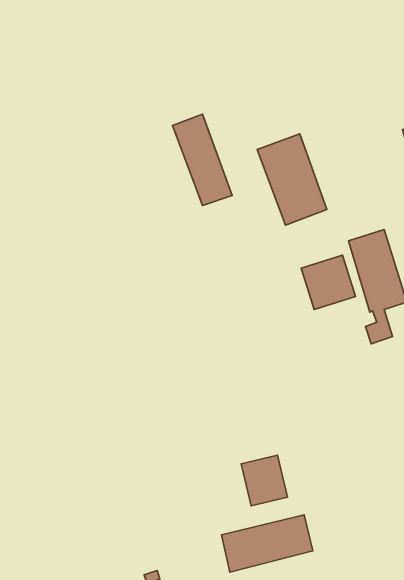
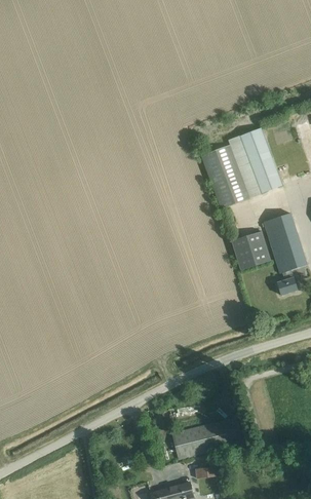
building: [172,114,232,206] -> [239,127,282,193]
building: [241,455,288,506] -> none

